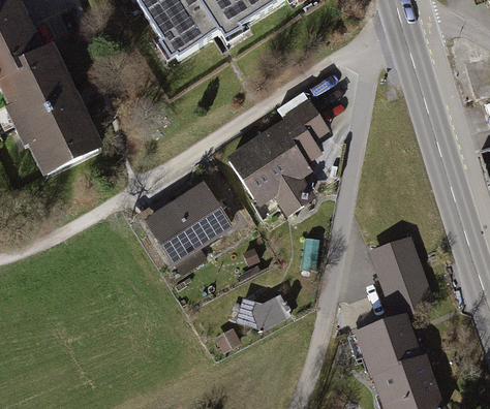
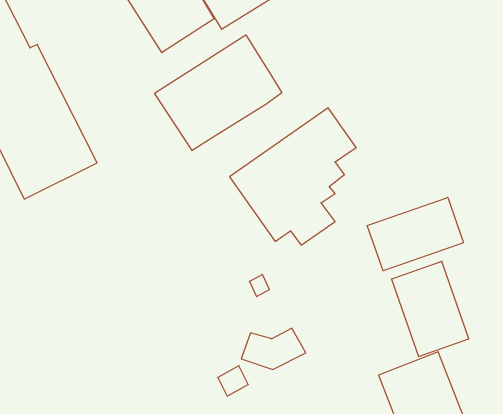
building: none -> [155,35,282,151]
building: none -> [367,197,464,271]
building: [147,189,221,270] -> none

